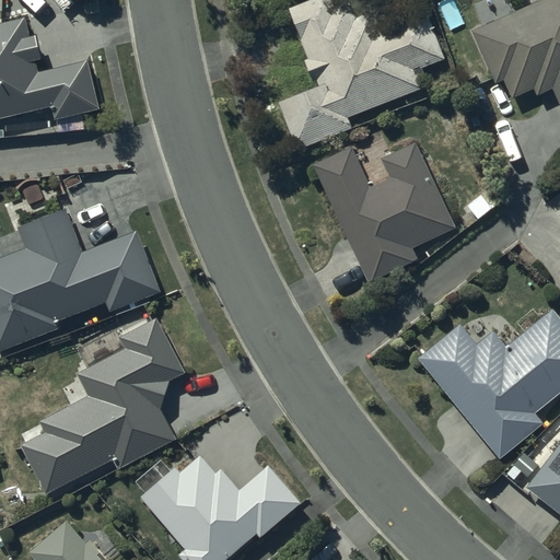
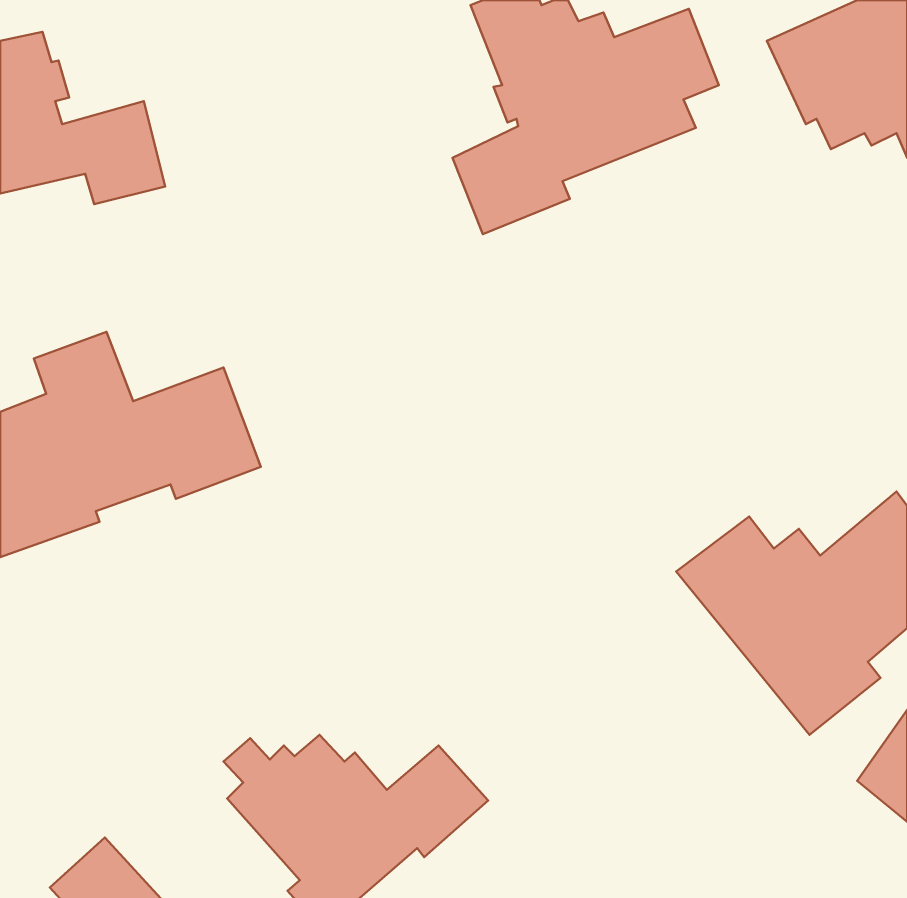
building: [312,144,454,282] -> none
building: [20,318,186,493] -> none

